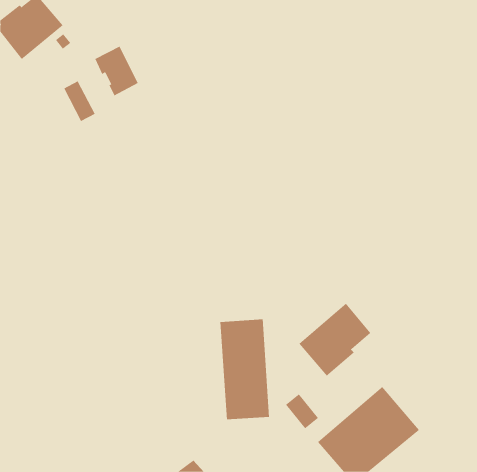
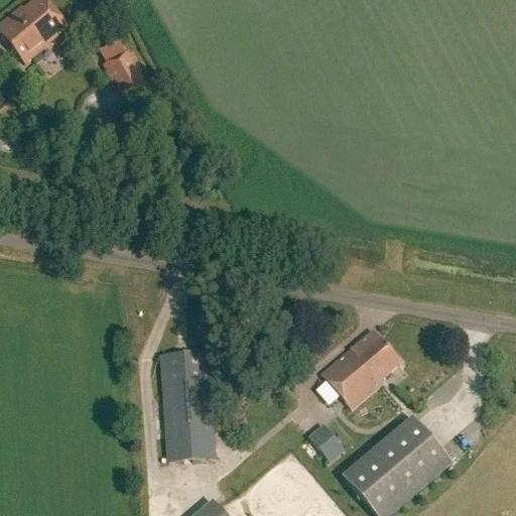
building: [63,81,95,122] -> none
building: [219,319,270,420] -> [161,350,216,459]

